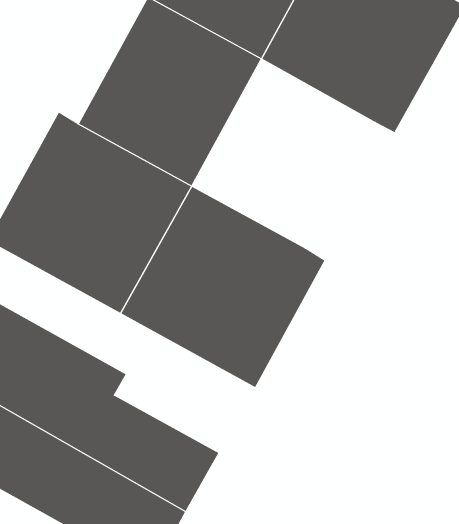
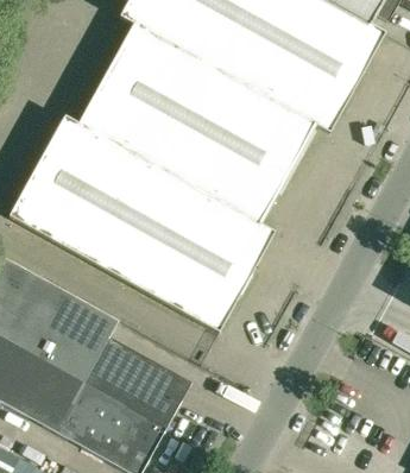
building: none -> [170,74,314,222]

